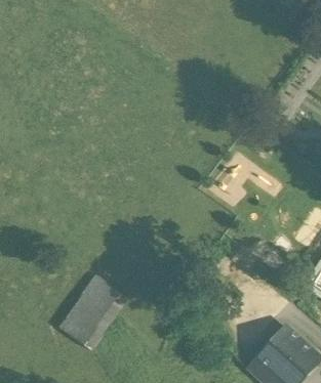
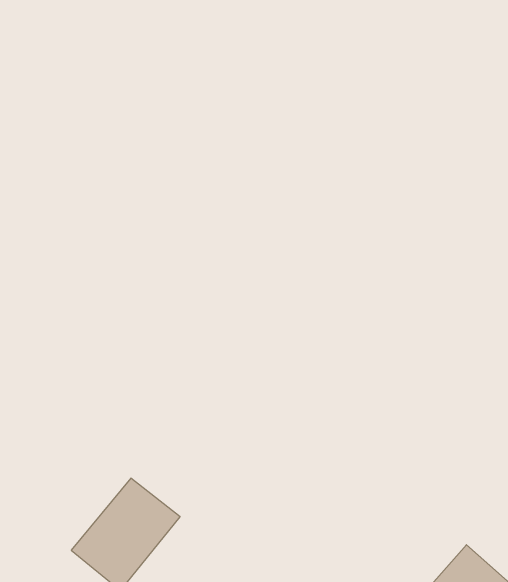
building: [88,274,127,309] -> none

